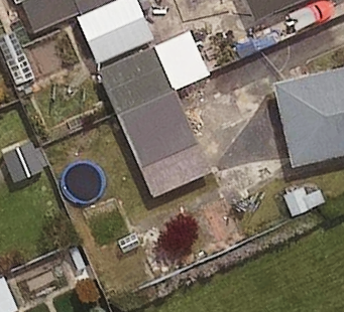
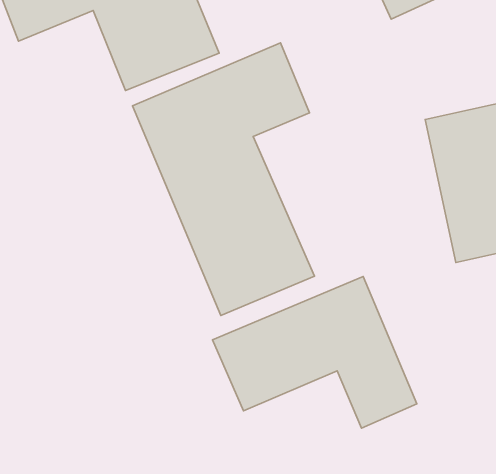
building: none -> [213,277,417,428]

